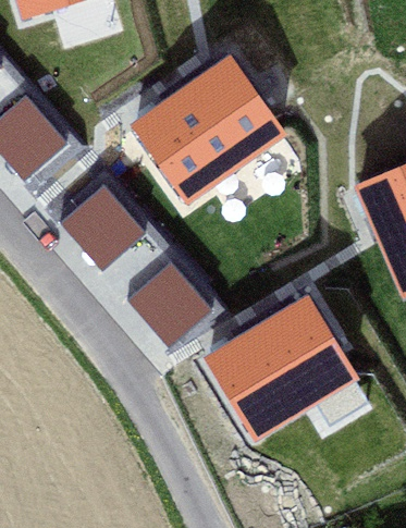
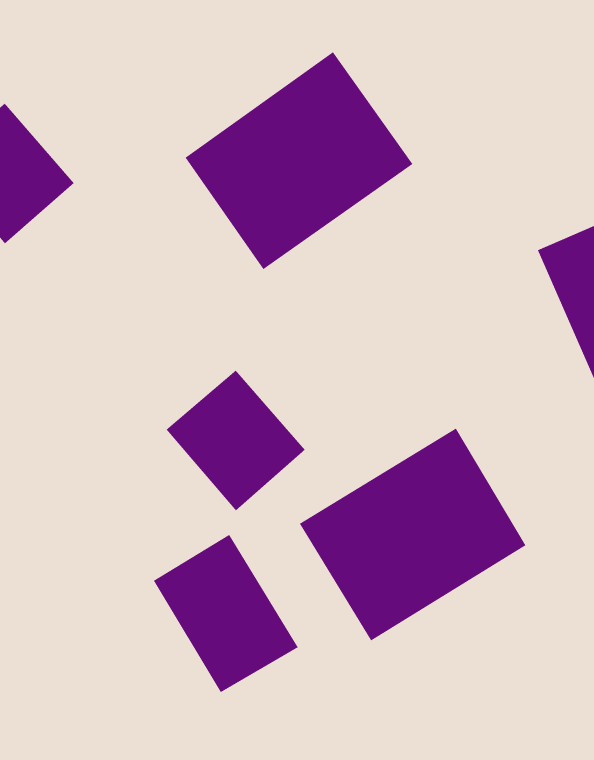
building: [56,183,146,273] -> none
building: none -> [153,534,299,693]

